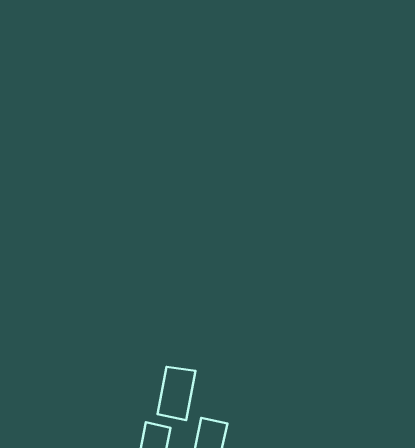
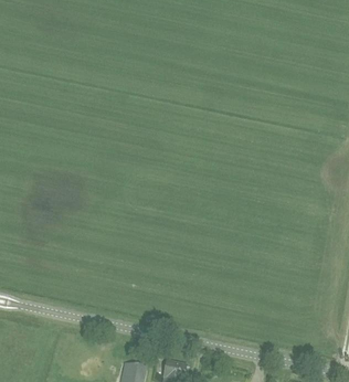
building: [158,367,196,420] -> none

